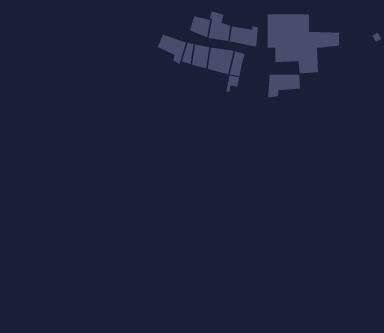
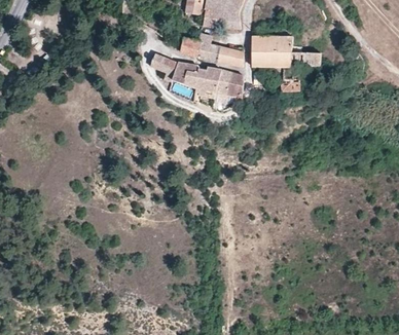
building: [268,74,300,98] -> none

